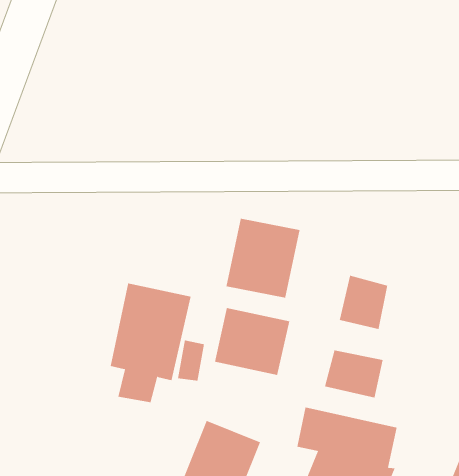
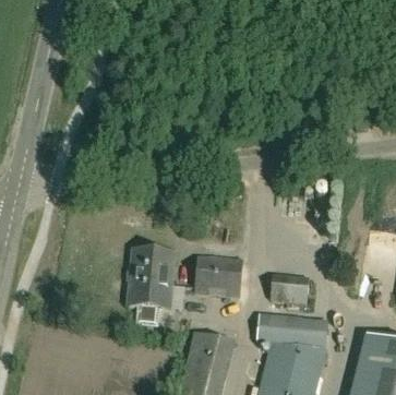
building: [226,218,300,299] -> none
building: [339,275,388,330] -> none

